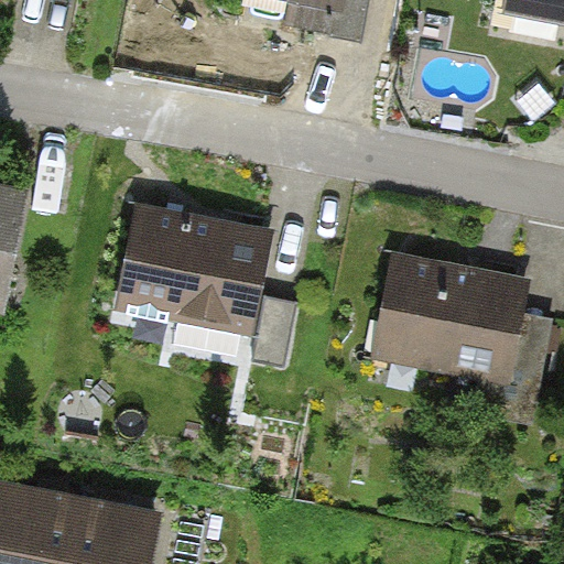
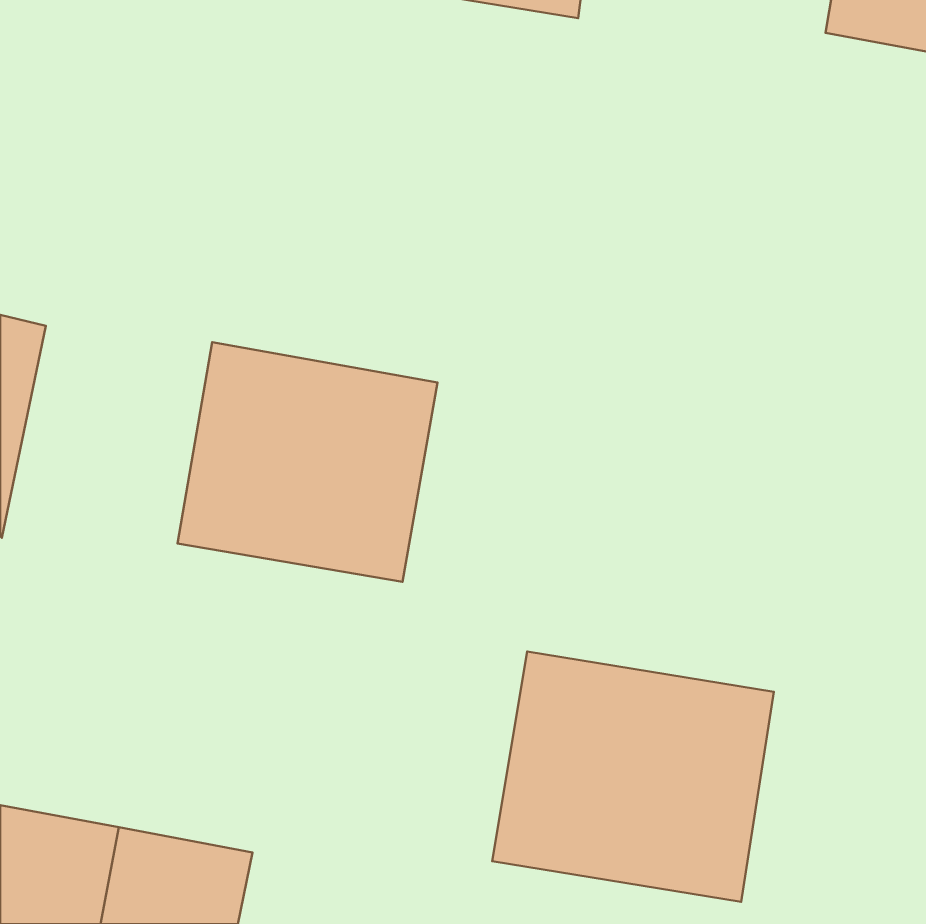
building: [375,253,533,388] -> none
building: none -> [492,652,774,902]

